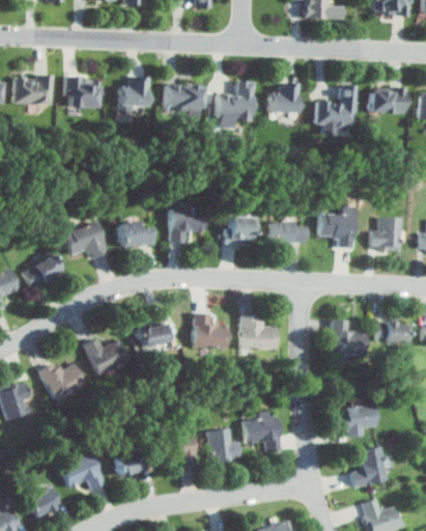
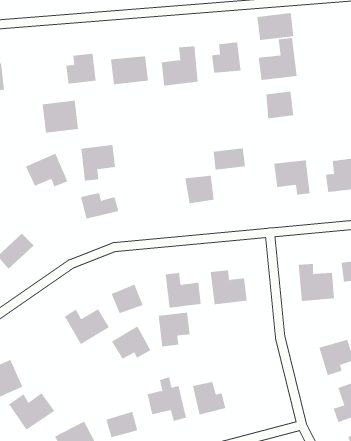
building: [65,77,101,107] -> [42,100,79,133]
building: [369,87,405,112] -> [257,13,294,41]
building: none -> [266,91,294,119]
building: [171,207,205,242] -> [80,144,116,181]
building: [64,222,107,257] -> [25,153,68,187]
building: [271,222,303,242] -> [213,148,246,170]
building: none -> [158,312,190,347]
building: [39,362,87,400] -> [8,392,55,430]
building: none -> [111,325,151,359]
building: [243,411,281,453] -> none

